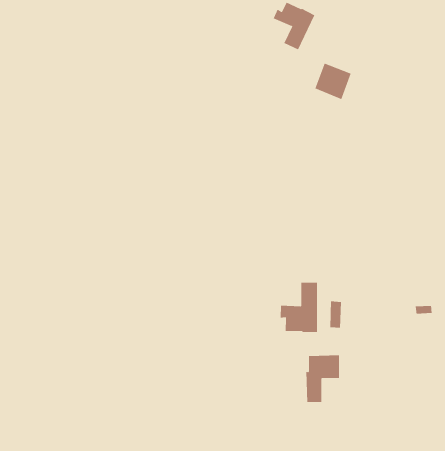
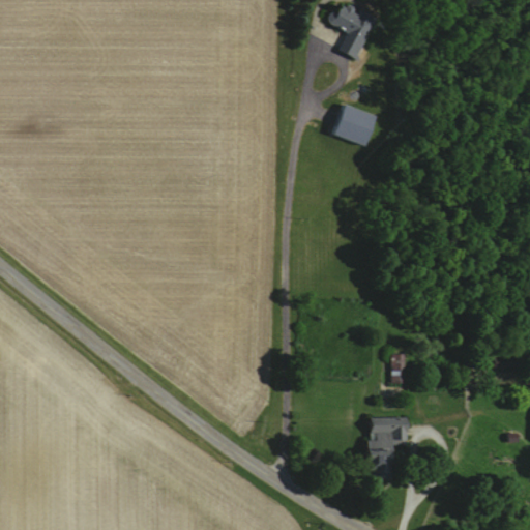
building: [315,63,352,100] -> [332,102,376,146]
building: [280,282,318,333] -> none

